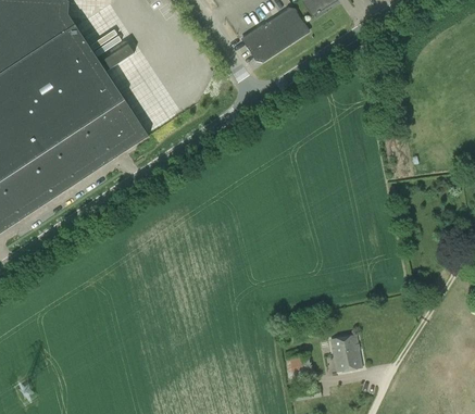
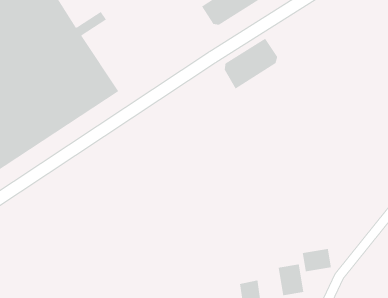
building: none -> [224,38,278,90]
building: none -> [302,248,331,272]

